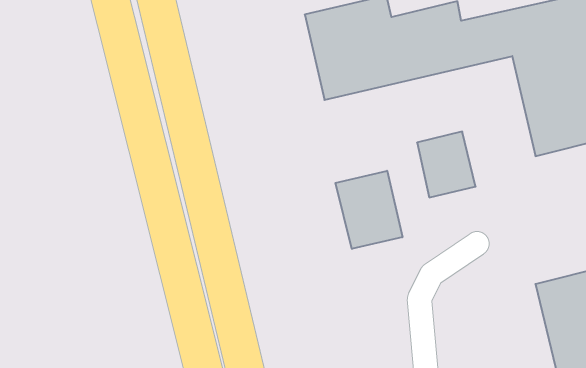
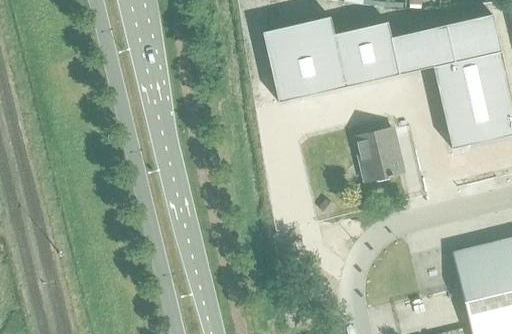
building: [335,171,402,249] -> none

